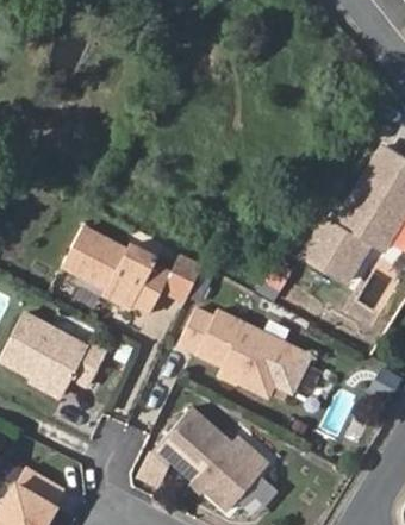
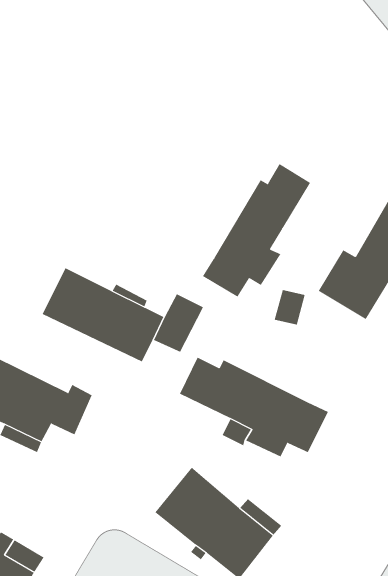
building: none -> [202,163,311,297]

